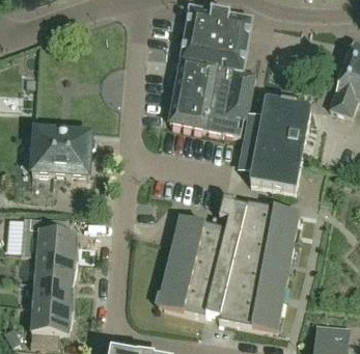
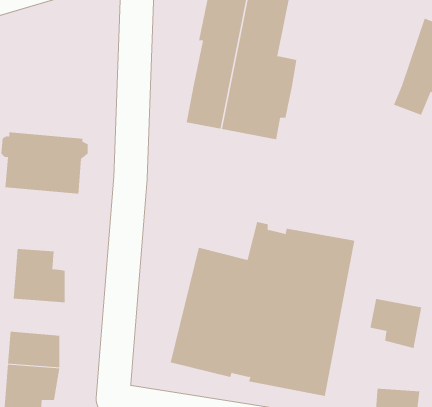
building: [249,100,309,192] -> none
building: none -> [370,298,422,349]
building: [34,257,77,285] -> none

